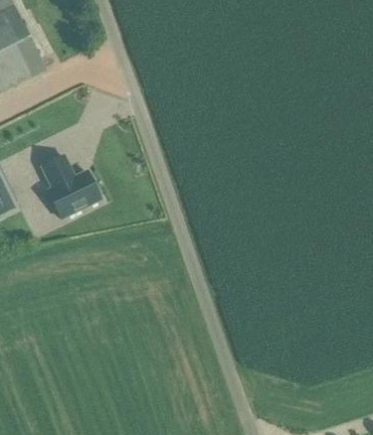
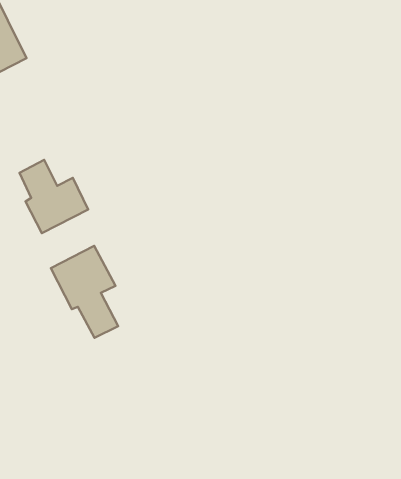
building: none -> [51,246,118,338]

